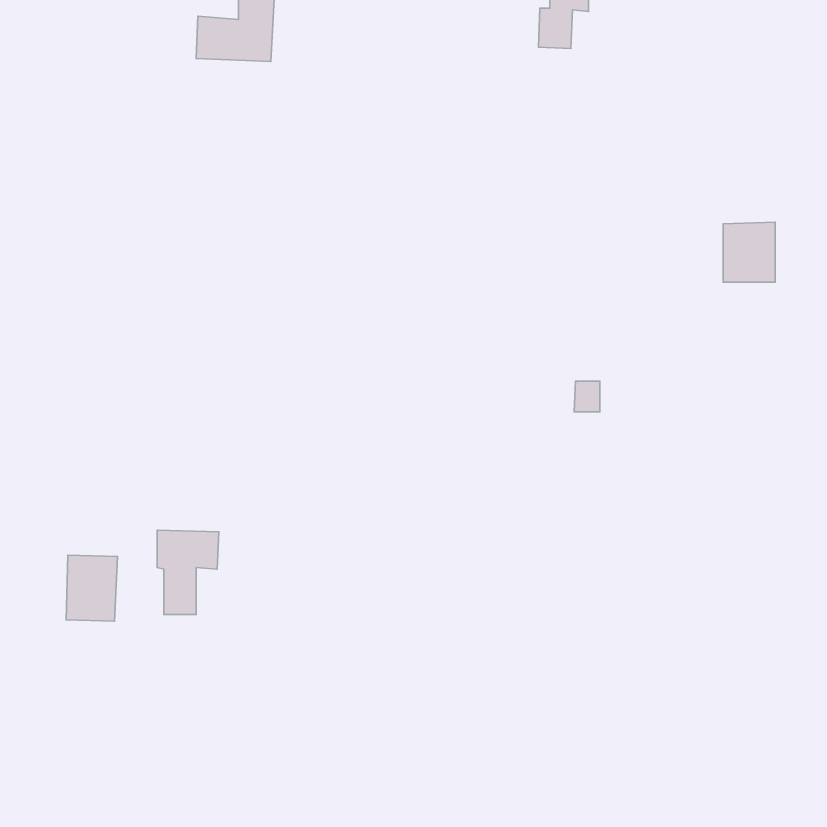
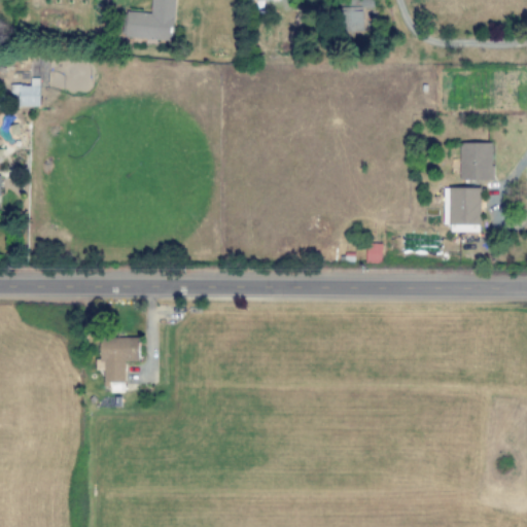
building: none -> [11,78,40,105]
building: none -> [444,186,482,231]
building: [66,555,117,621] -> none

